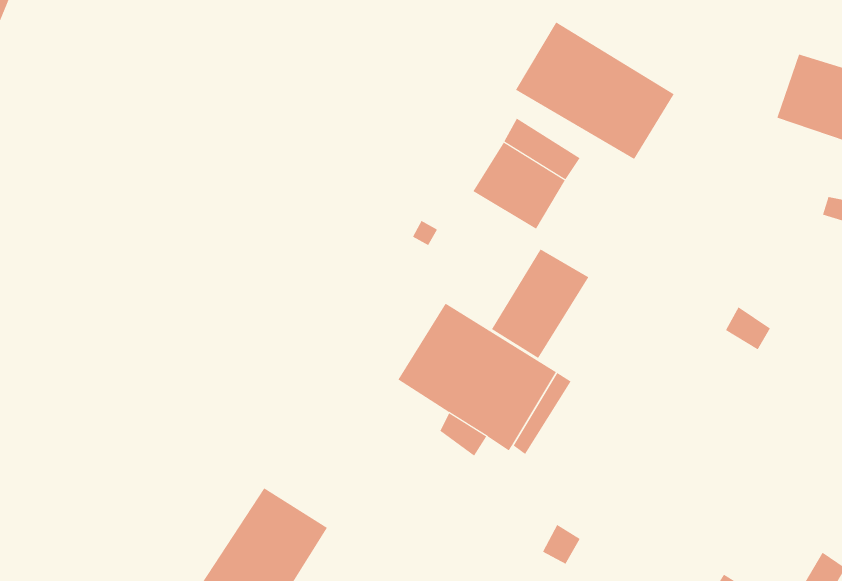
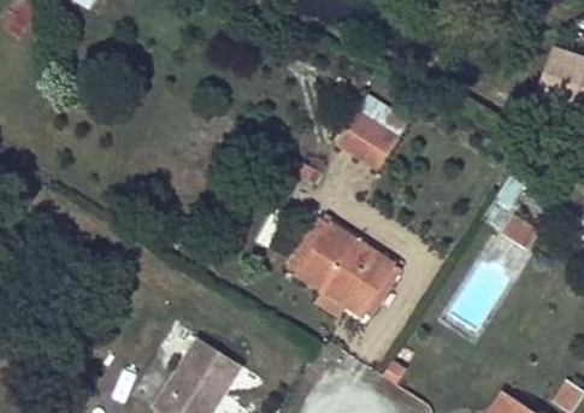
building: [515,22,675,160] -> none
building: [491,249,589,359] -> none

